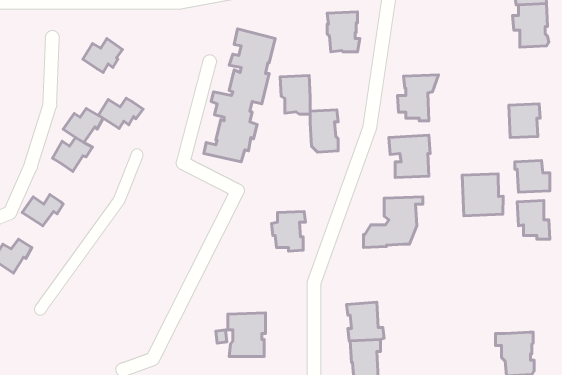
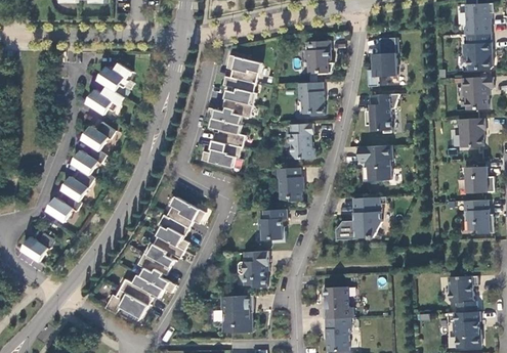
building: none -> [367,37,397,86]
building: none -> [461,76,493,109]
building: [280,76,310,114] -> [297,82,323,115]
building: [98,98,143,129] -> [86,88,124,114]
building: none -> [277,167,303,201]
building: none -> [61,169,93,201]
building: [462,174,503,216] -> none
building: none -> [104,196,205,320]
building: none -> [238,251,268,286]
building: none -> [448,275,477,312]

